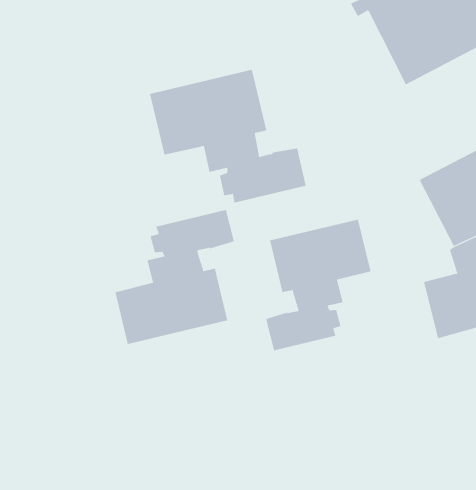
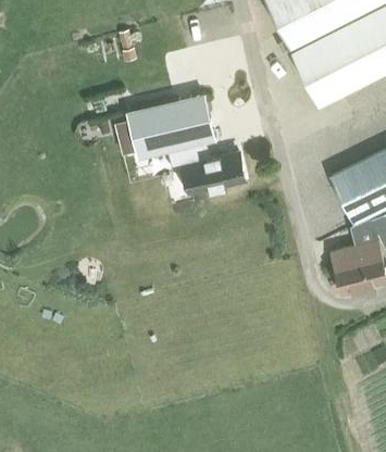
building: [115,209,234,345] -> none
building: [266,219,371,351] -> none

